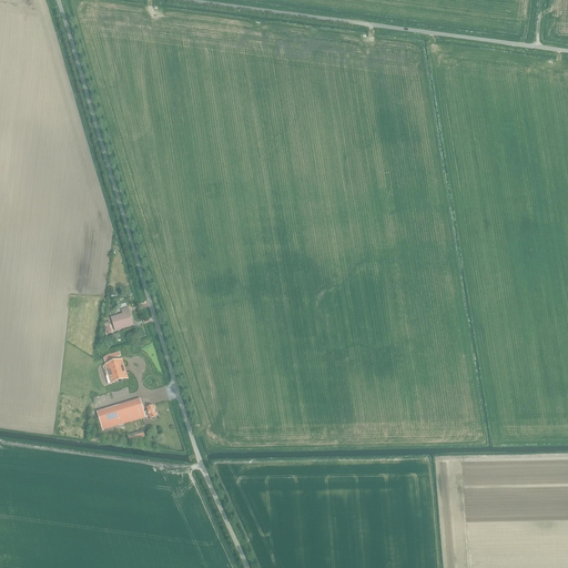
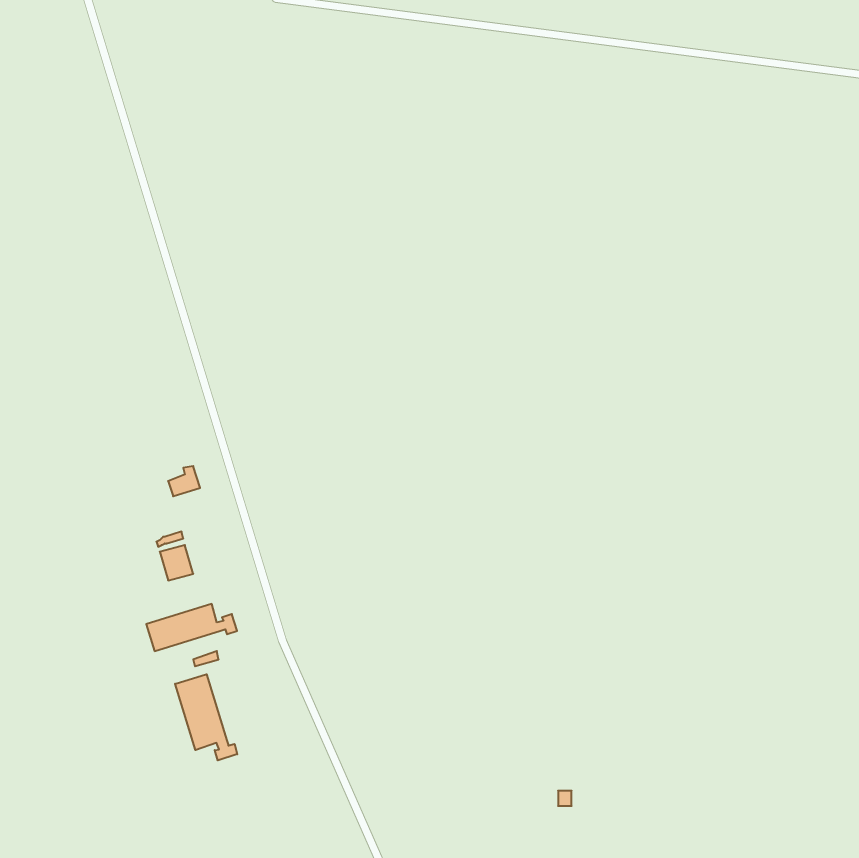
building: none -> [175,674,237,760]

